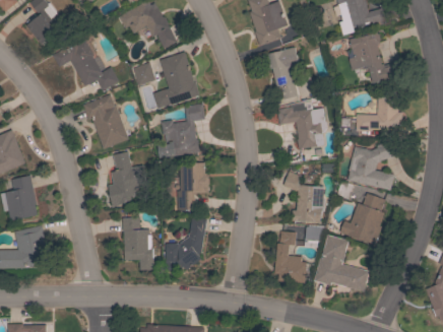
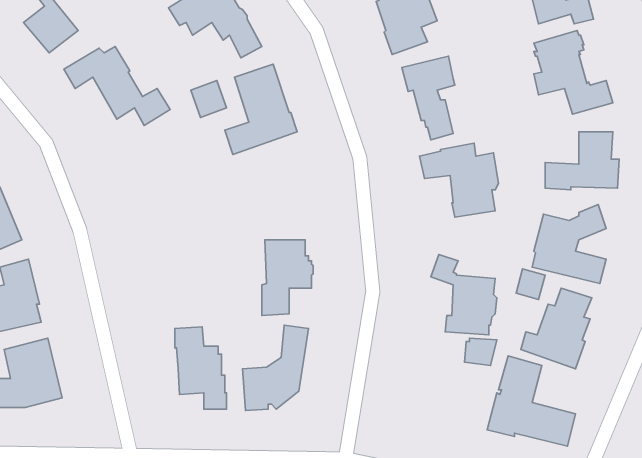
building: [82,93,129,148] -> none
building: [157,104,204,157] -> none
building: [108,151,147,206] -> none
building: [274,230,307,282] -> none

